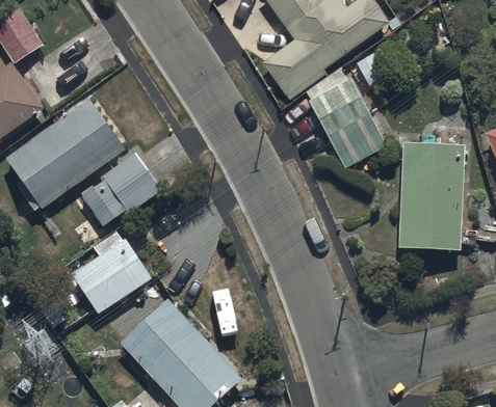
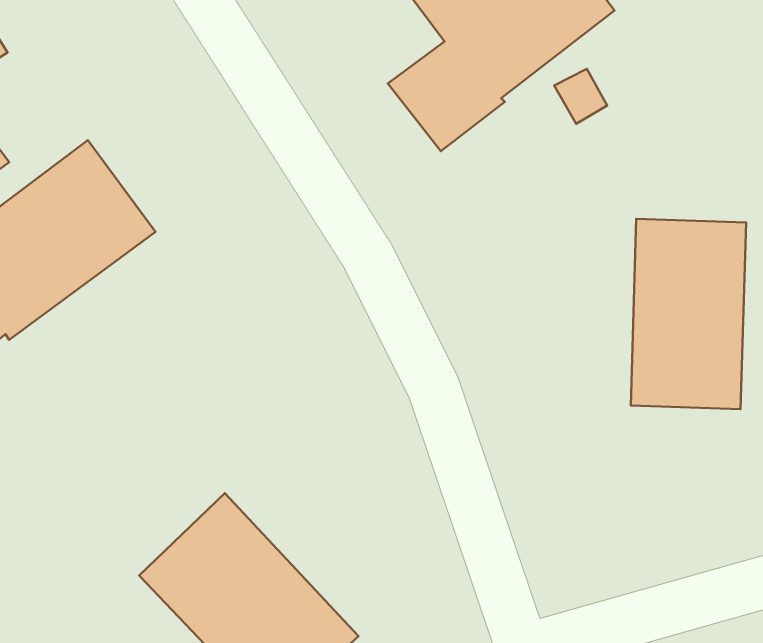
building: [306,67,387,169] -> none
building: [78,151,163,226] -> none
building: [72,232,154,314] -> none

